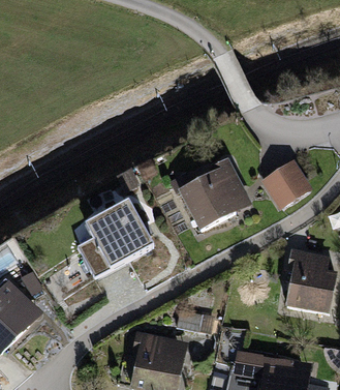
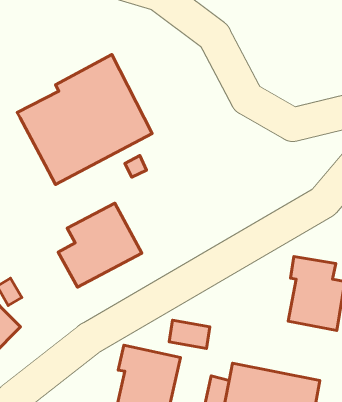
building: none -> [17,55,152,184]
building: [169,157,251,230] -> none
building: [261,159,313,209] -> none

